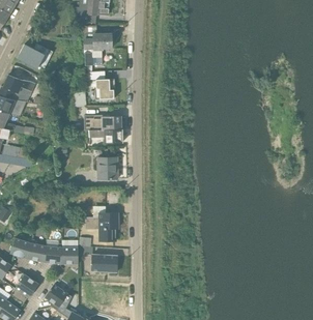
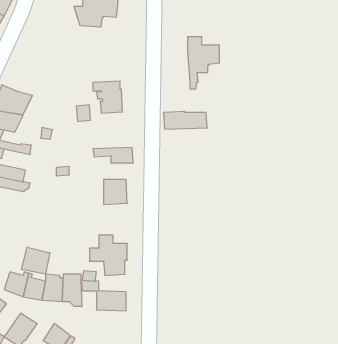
building: [83,26,111,71] -> [188,37,220,89]
building: [16,43,53,70] -> none
building: [83,115,121,130] -> [163,111,207,129]
building: none -> [22,247,50,274]

